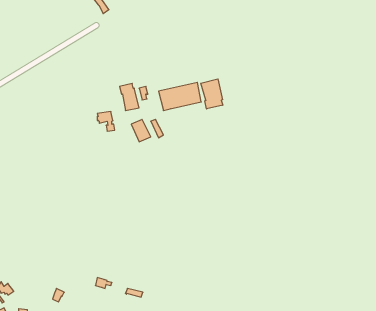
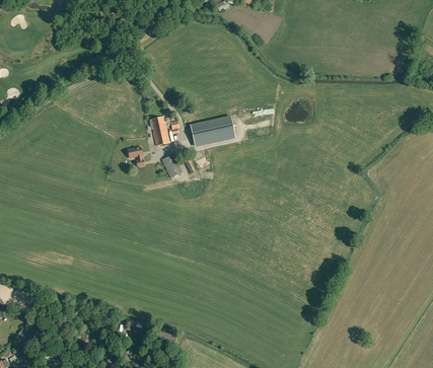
building: [201,79,223,109] -> none

